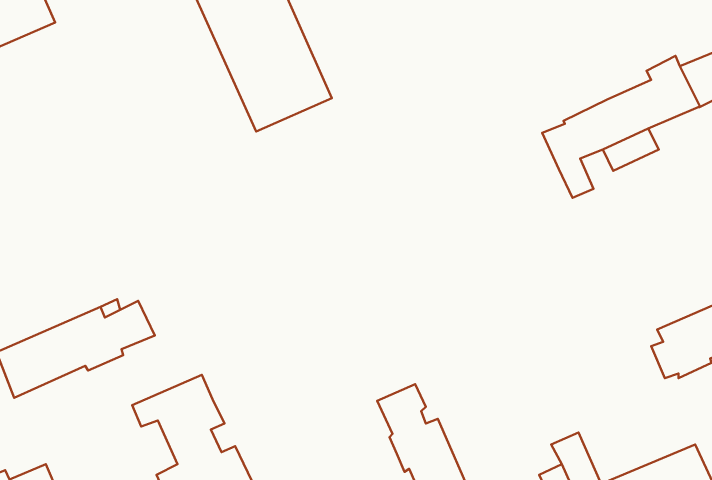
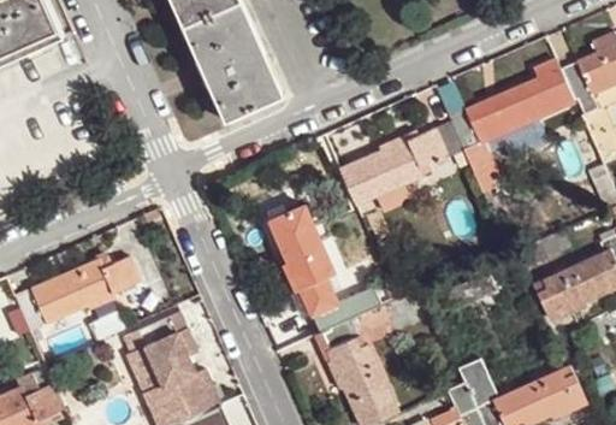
building: none -> [337,120,462,203]
building: none -> [267,206,379,333]

